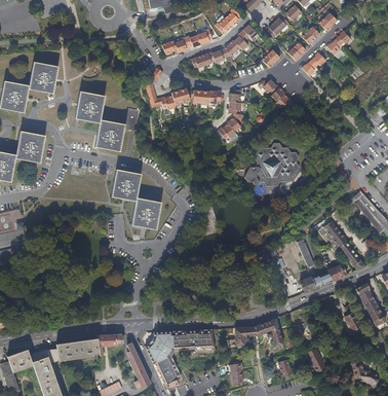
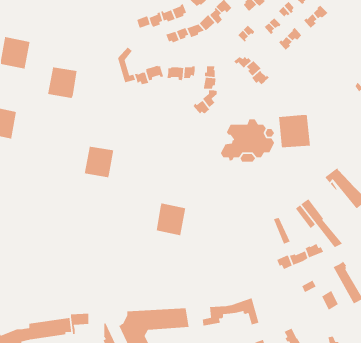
building: [94,107,140,151] -> none
building: none -> [278,114,311,148]
building: [131,196,161,229] -> [156,203,186,236]

